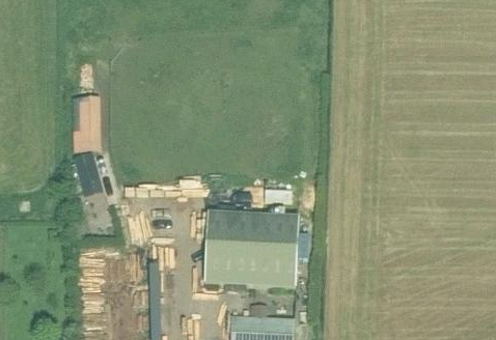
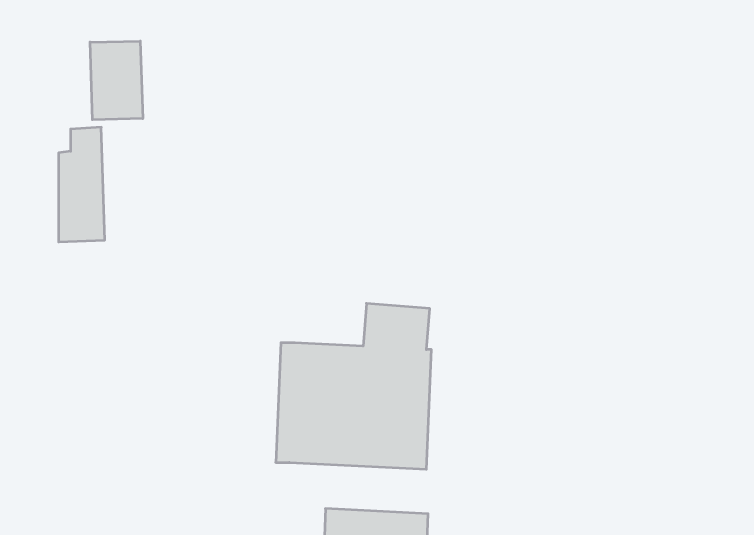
building: none -> [90,41,143,120]
building: [73,151,102,194] -> none

